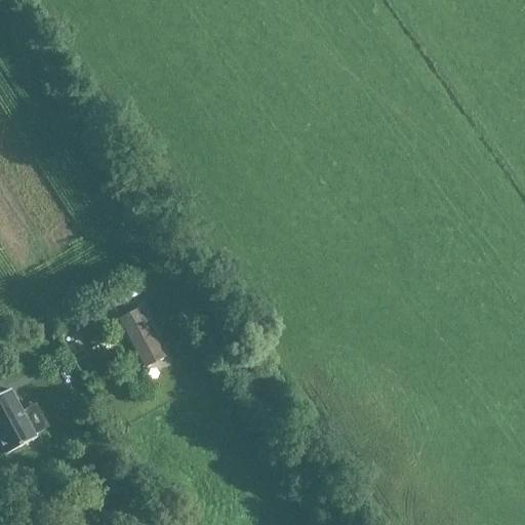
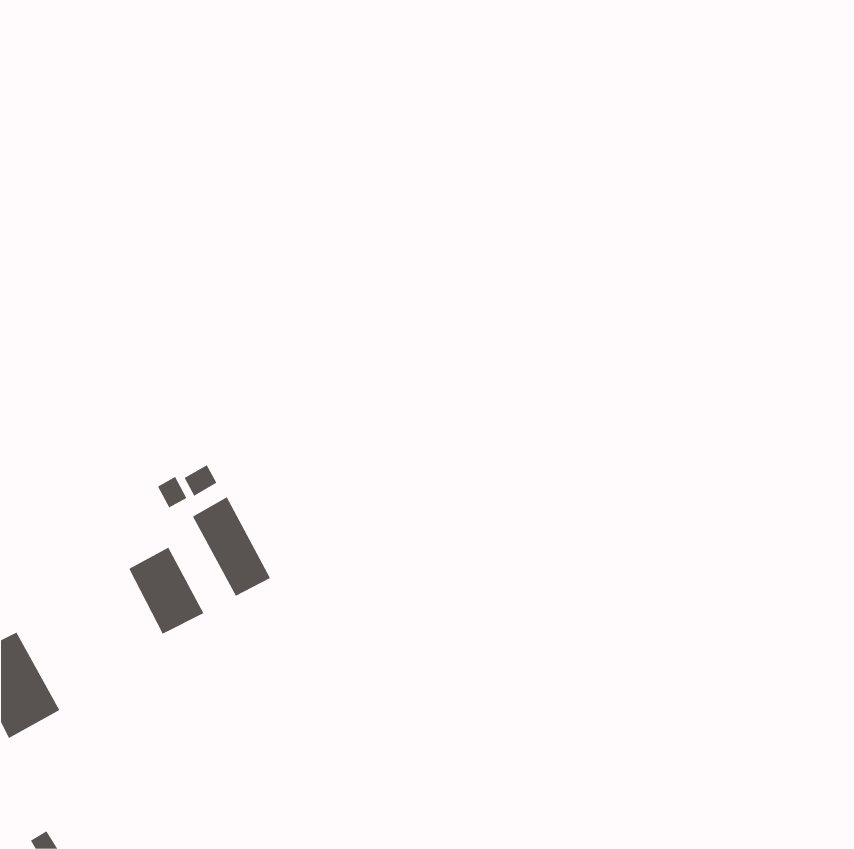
building: none -> [128,547,204,635]

